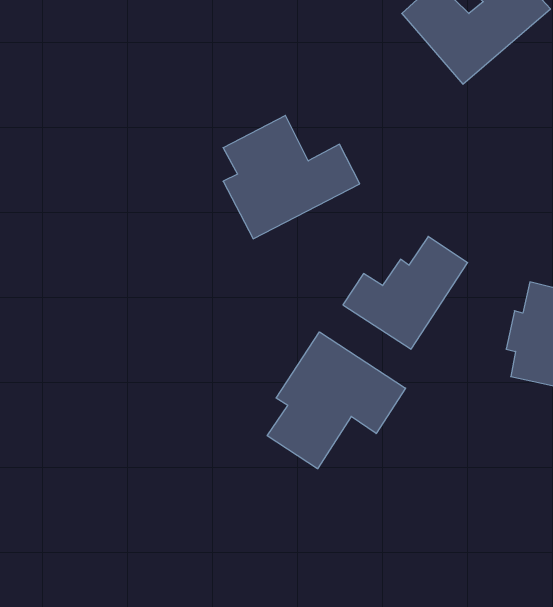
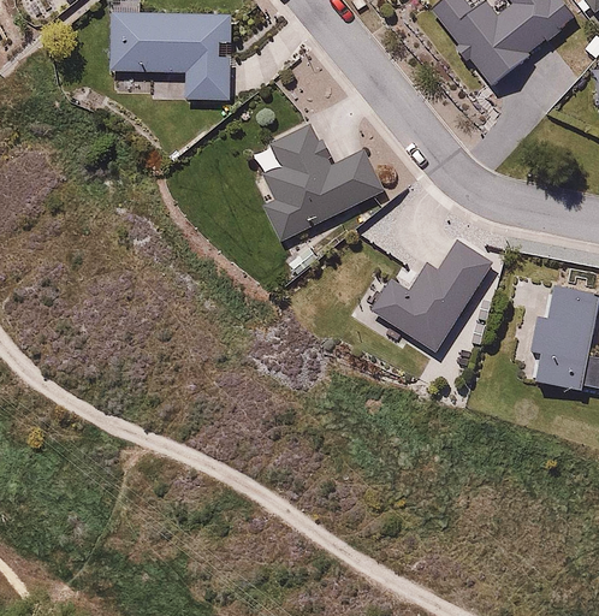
building: none -> [105,7,232,102]
building: [267,332,406,469] -> none

